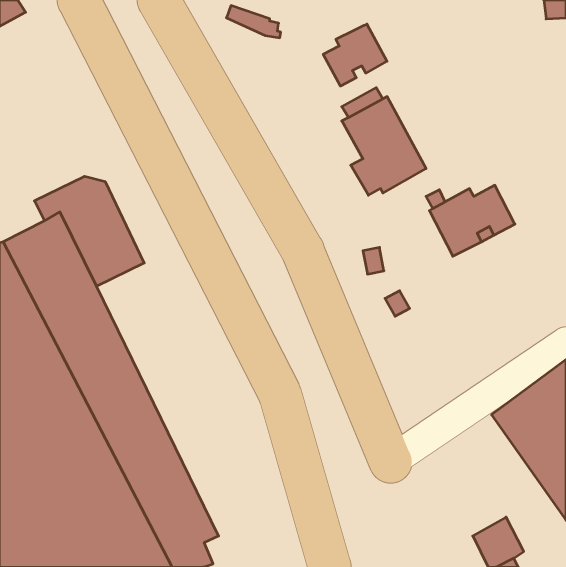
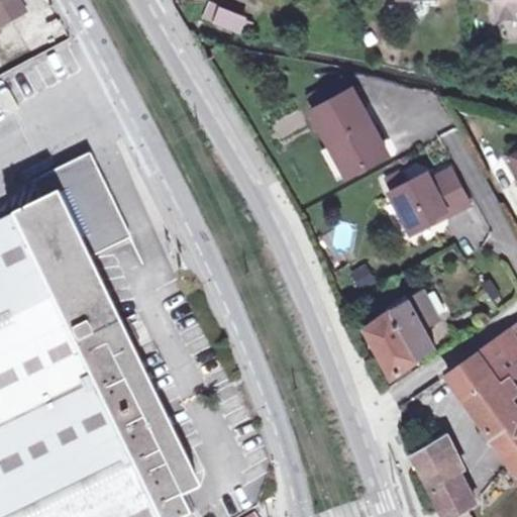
building: [323,24,387,86] -> none
building: none -> [365,292,438,376]
building: none -> [413,439,460,488]

